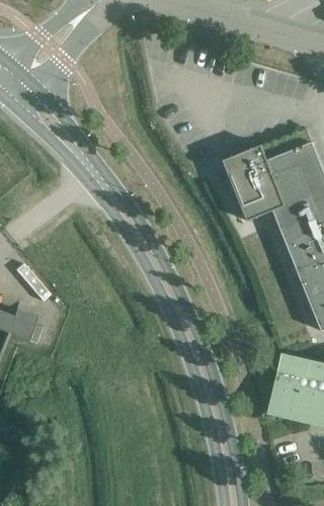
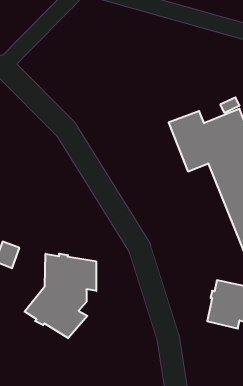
building: none -> [25,254,96,338]

